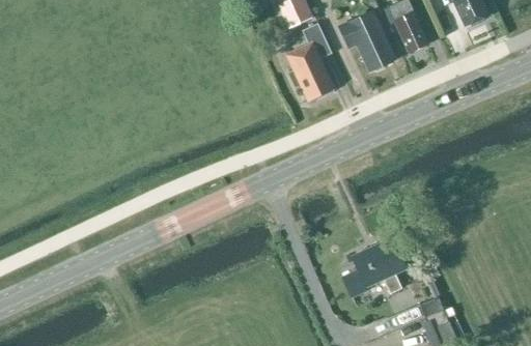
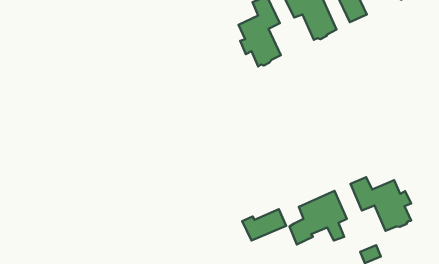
building: none -> [351,177,411,231]
building: none -> [242,209,286,241]

